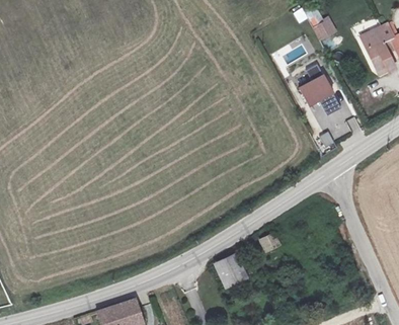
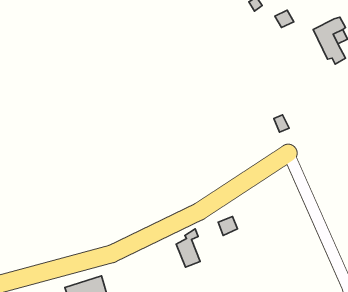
building: [301,75,336,105] -> none

